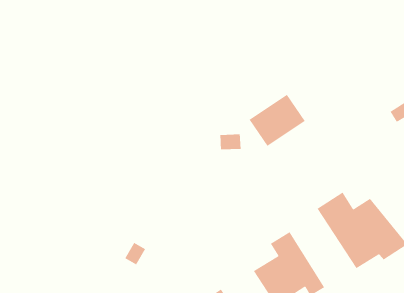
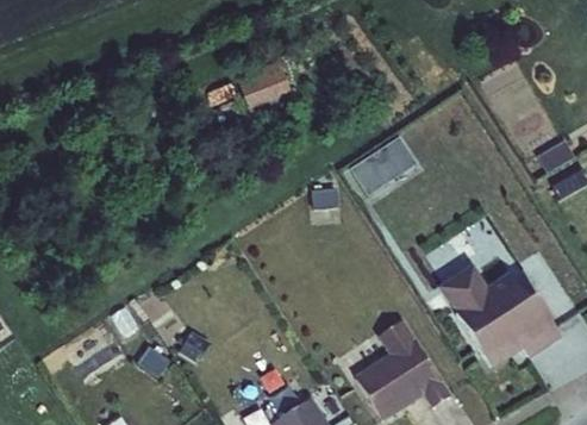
building: none -> [232,62,308,107]

